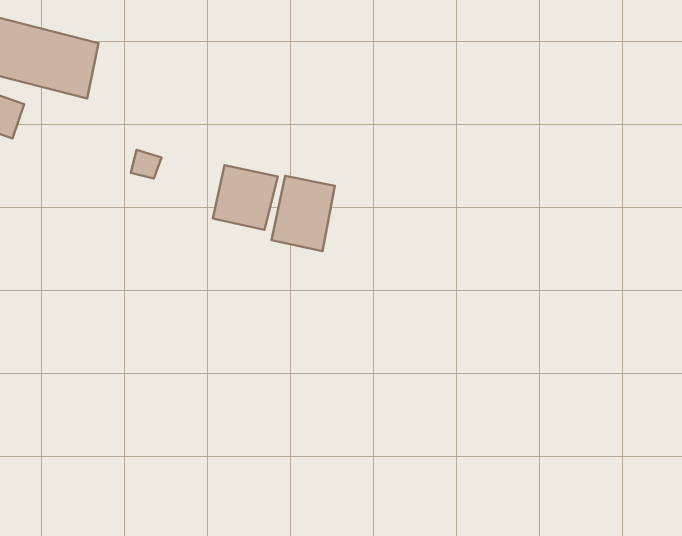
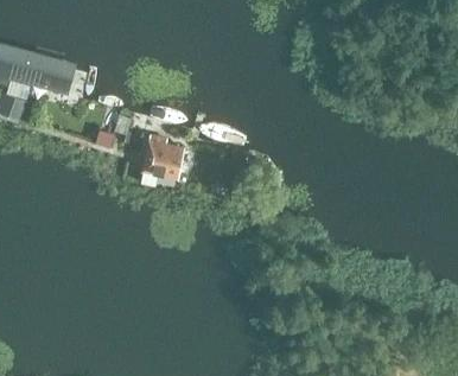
building: [271,176,335,251] -> none

